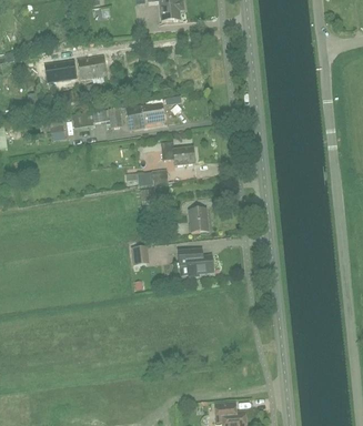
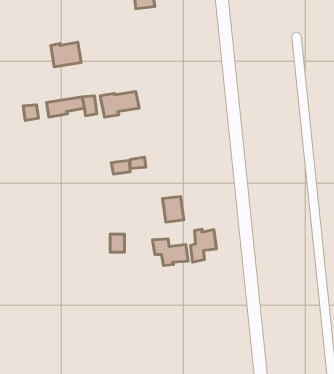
building: [46,59,75,80] -> none
building: [161,140,194,164] -> none
building: none -> [190,229,217,262]

